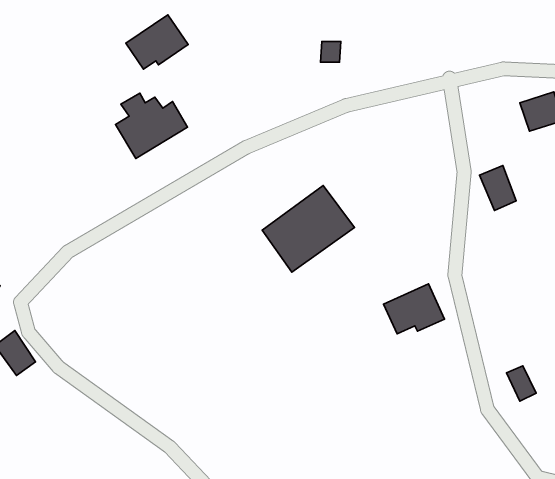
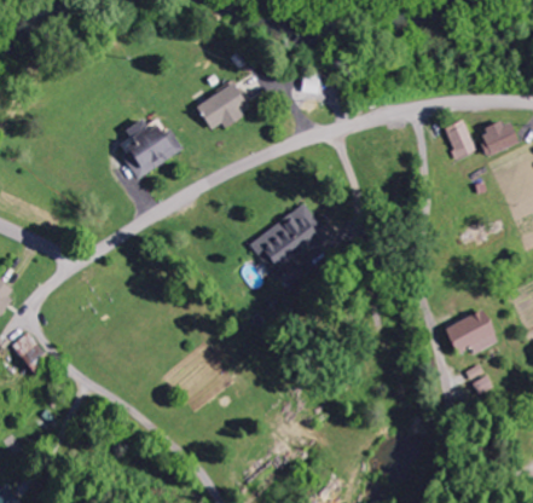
building: [126,15,188,69] -> [193,82,249,131]
building: [480,166,516,210] -> [444,120,476,160]
building: [384,284,445,334] -> [442,311,497,355]

